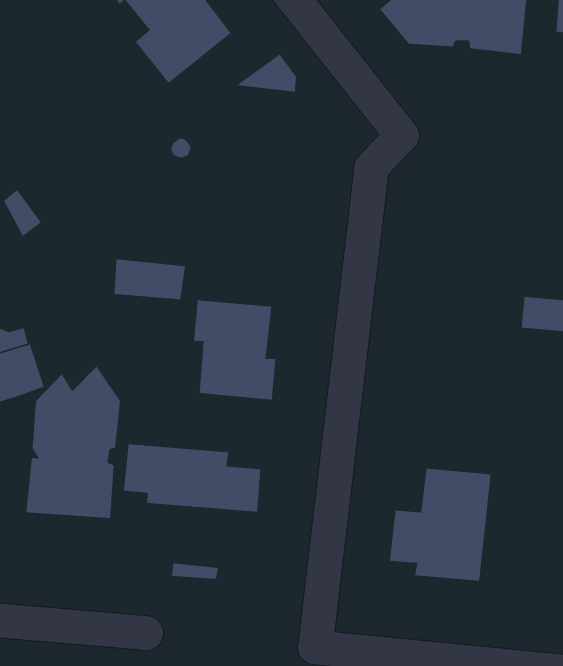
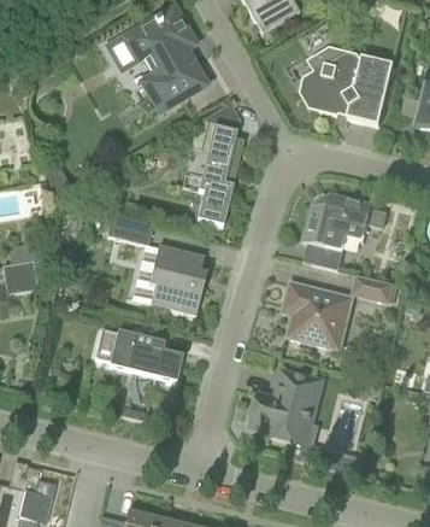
building: none -> [196,127,243,227]
building: none -> [304,193,388,269]
building: none -> [285,281,353,349]
building: [25,366,121,519] -> none

